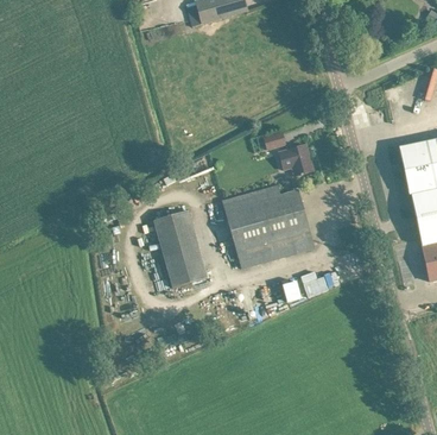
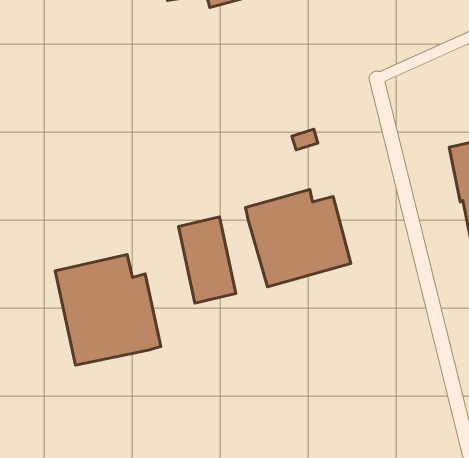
building: [278,143,314,175] -> none
building: none -> [55,254,161,365]

